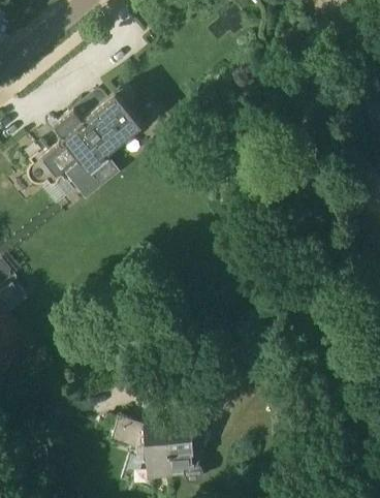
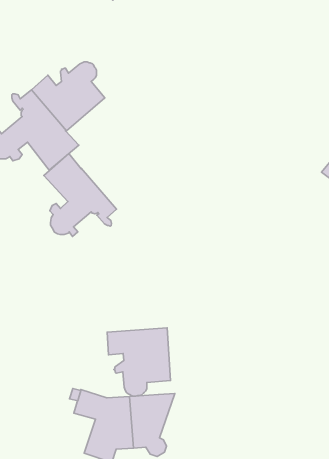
building: none -> [44,154,116,236]
building: none -> [107,328,170,396]

